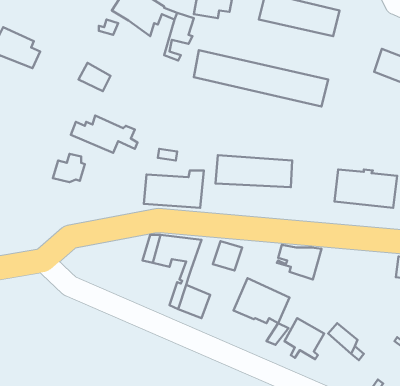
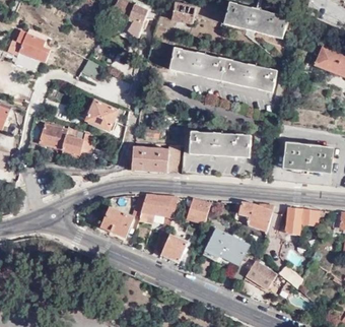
building: none -> [38,123,67,149]
building: none -> [101,207,133,237]
building: none -> [285,207,324,235]

